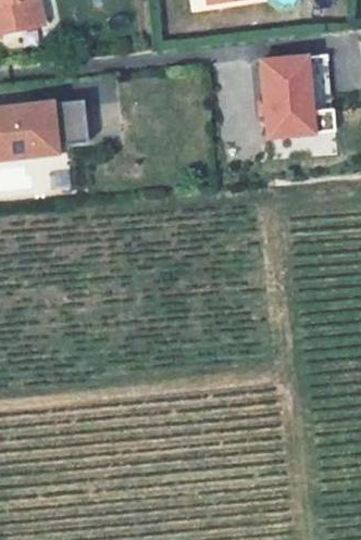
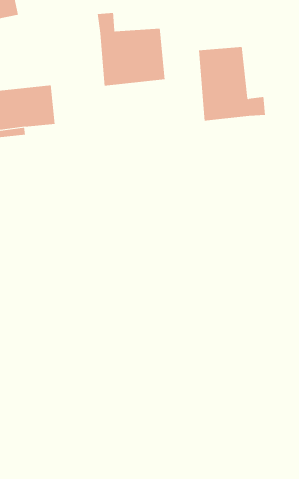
building: none -> [97,12,165,87]

